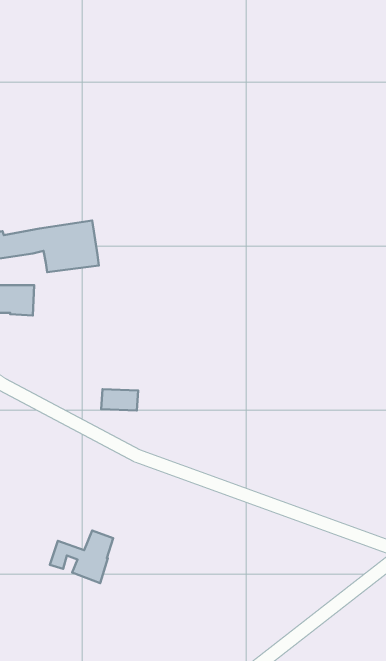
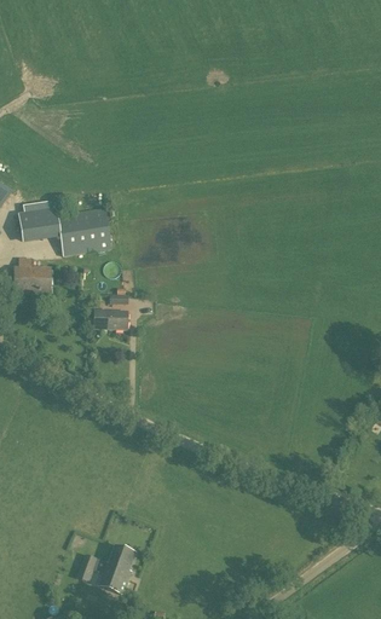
building: [101,389,138,410] -> [93,310,127,329]
building: [50,530,113,583] -> [77,544,135,592]

